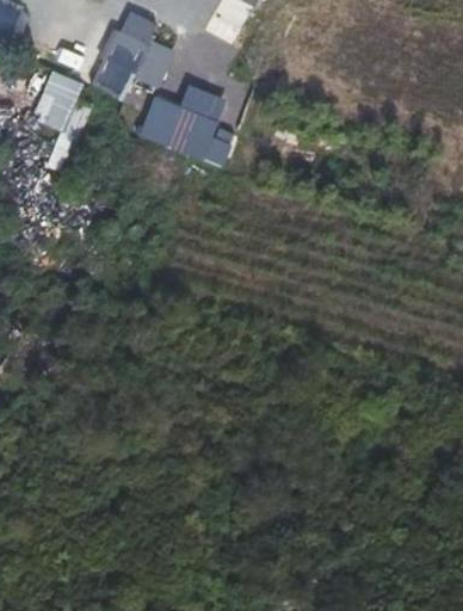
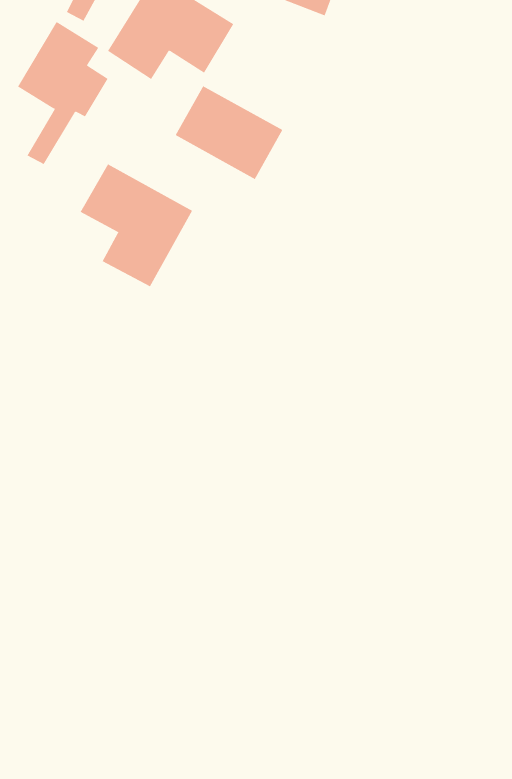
building: none -> [80,164,193,287]

